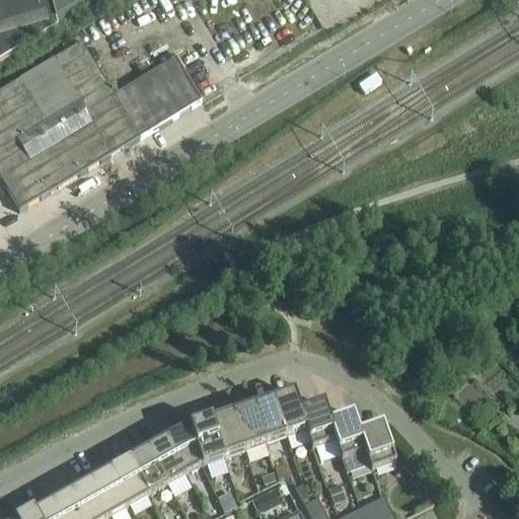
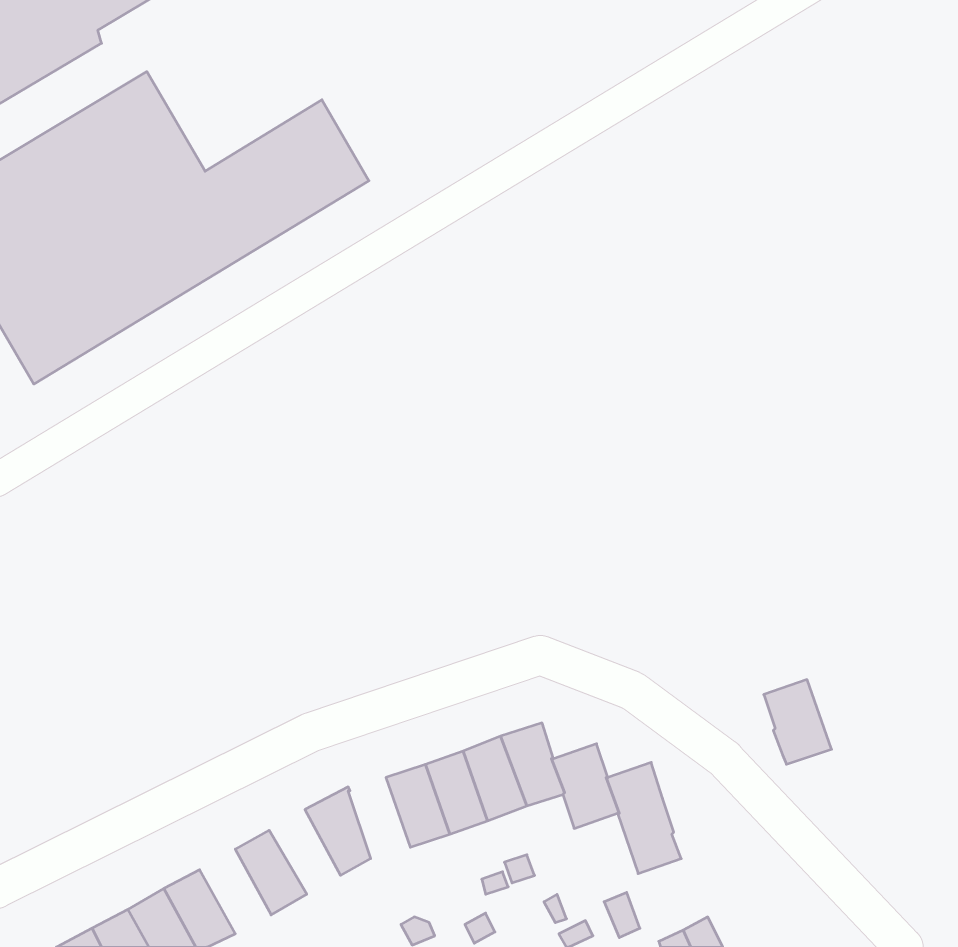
building: [188,419,221,463] -> none
building: [357,422,393,467] -> [764,680,832,764]
building: [145,436,183,481] -> none
building: [107,457,146,503] -> none

